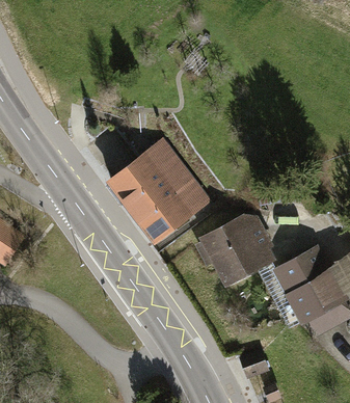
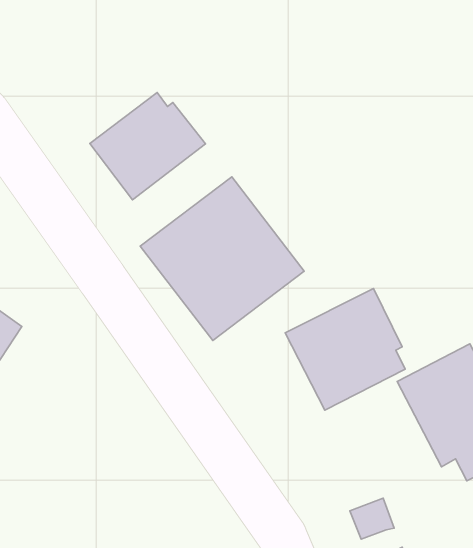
building: none -> [90,93,206,200]

